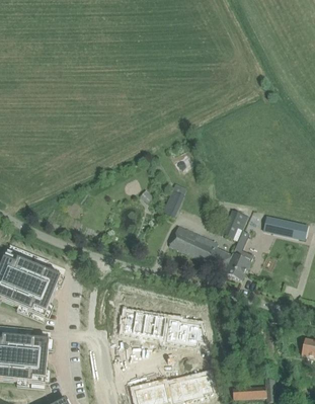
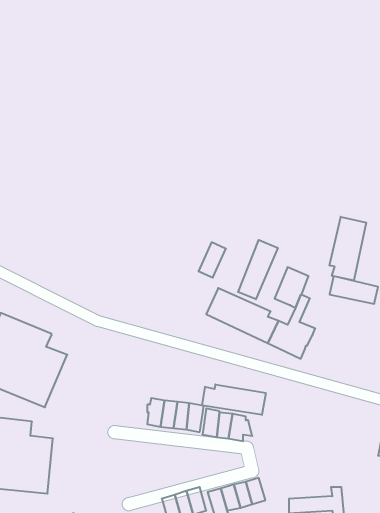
building: none -> [330,217,366,281]
building: none -> [238,240,278,299]
building: none -> [202,384,266,415]

